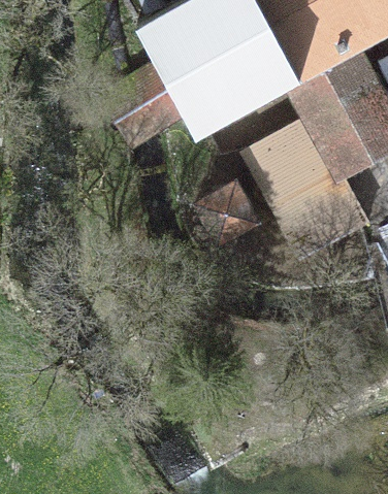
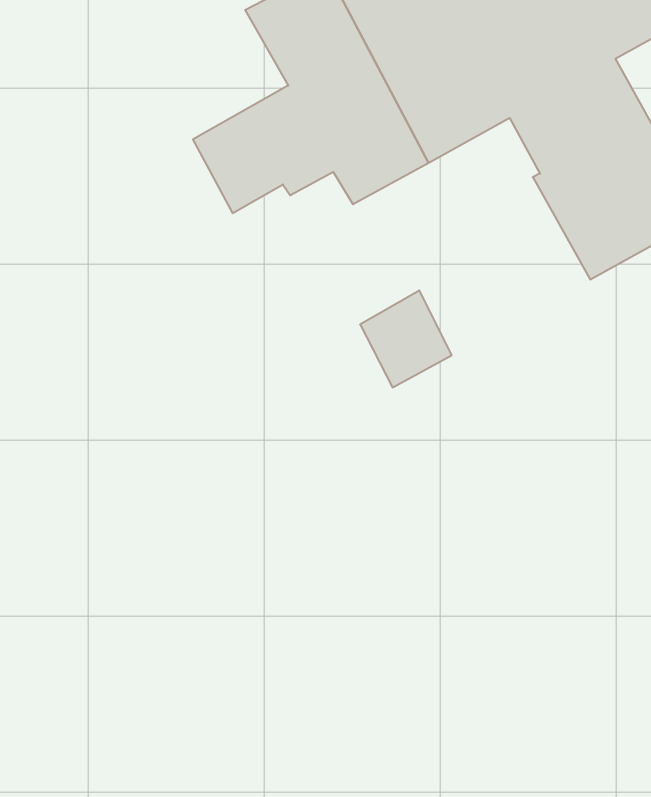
building: [252,112,370,252] -> none

